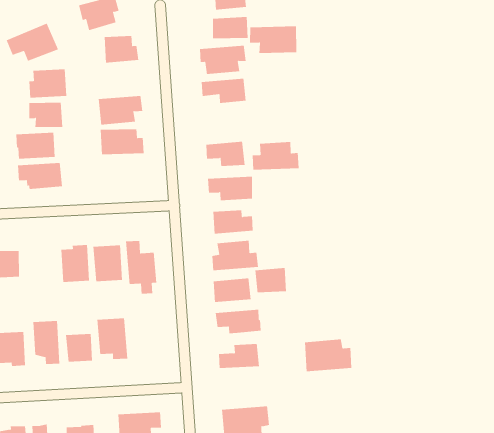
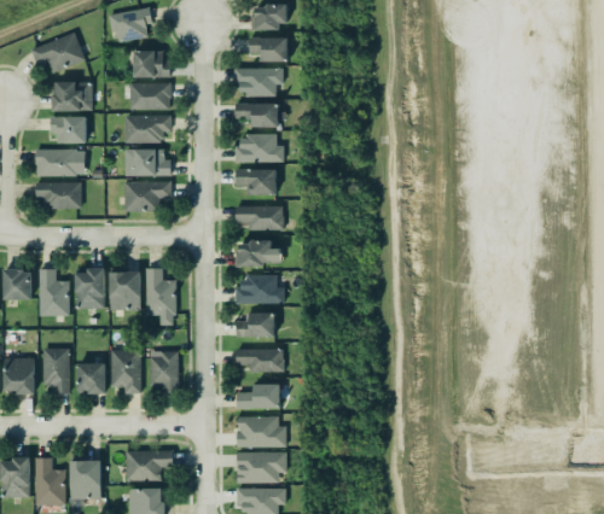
building: [250,26,297,54] -> none
building: none -> [129,83,169,111]
building: [252,142,299,170] -> [234,134,284,163]
building: none -> [123,181,172,211]
building: none -> [39,268,70,316]
building: [255,267,287,293] -> none
building: none -> [149,350,178,390]
building: [304,339,352,372] -> [237,415,286,448]

